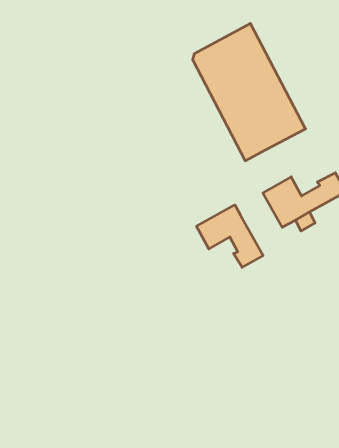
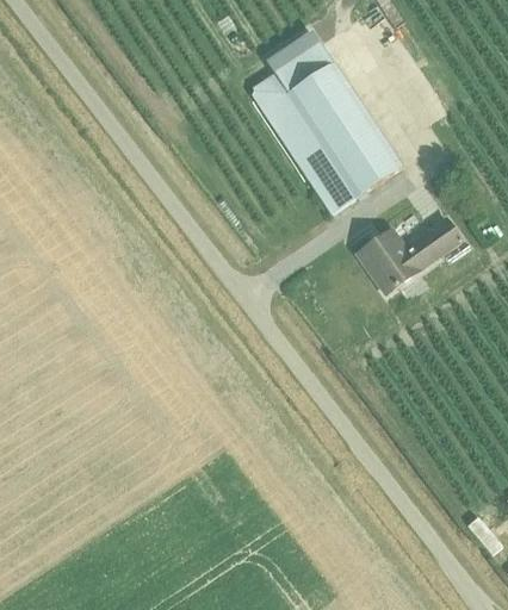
building: [197,205,263,267] -> none

